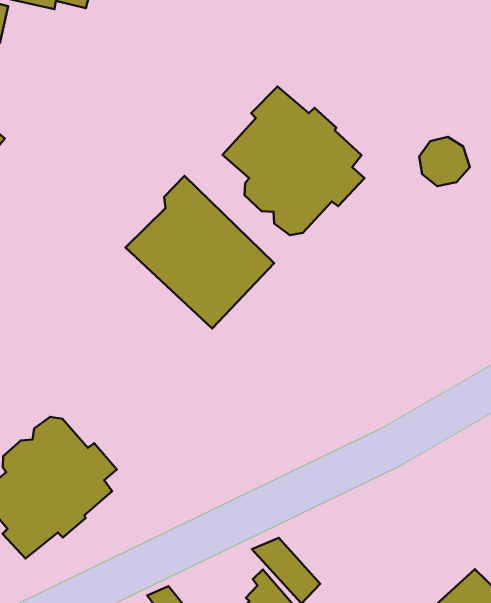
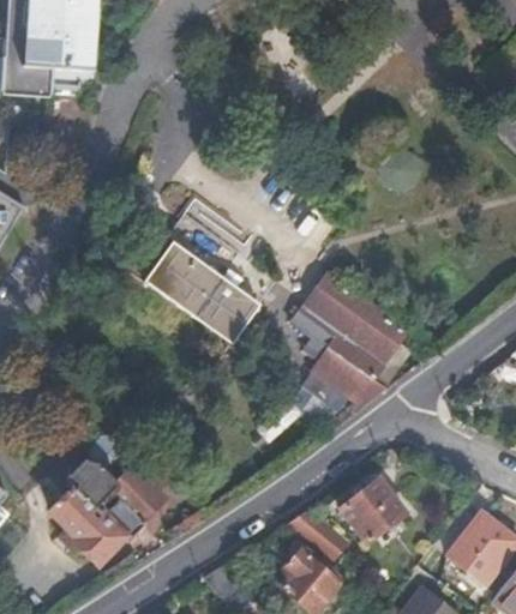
building: [223,87,365,235] -> none
building: none -> [287,272,401,419]
building: none -> [340,478,404,542]

